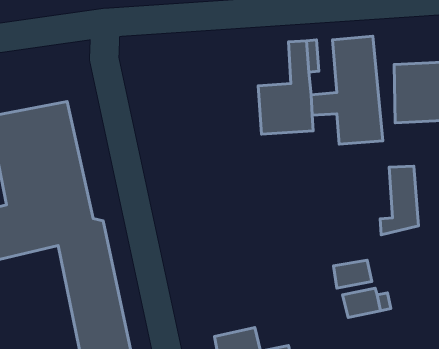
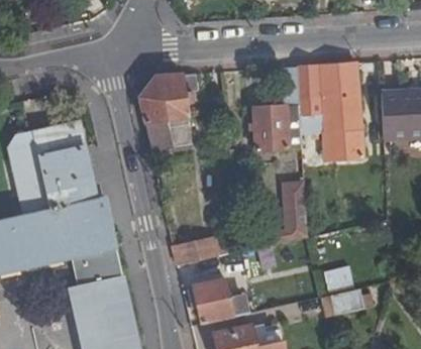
building: none -> [139,74,196,154]
building: [380,166,418,235] -> [275,183,309,244]
building: none -> [173,236,225,266]
building: none -> [192,278,246,323]

